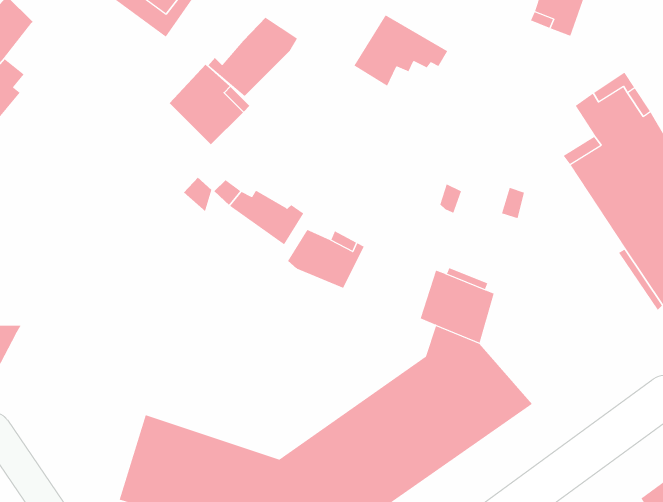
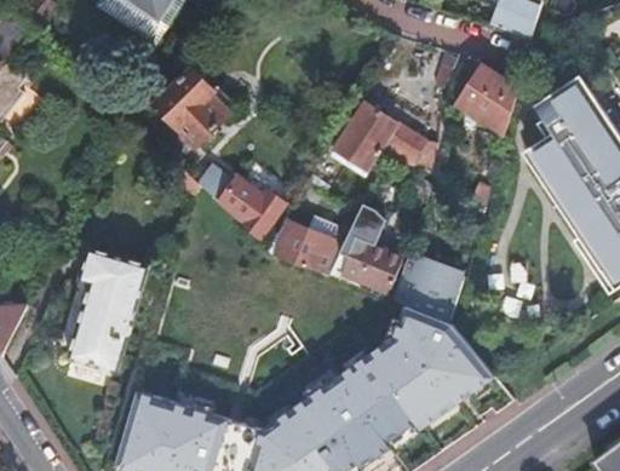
building: [354,14,448,87] -> [335,99,423,166]
building: [207,17,298,97] -> none
building: none -> [452,62,515,132]
building: none -> [326,203,401,293]
building: none -> [65,245,147,371]

